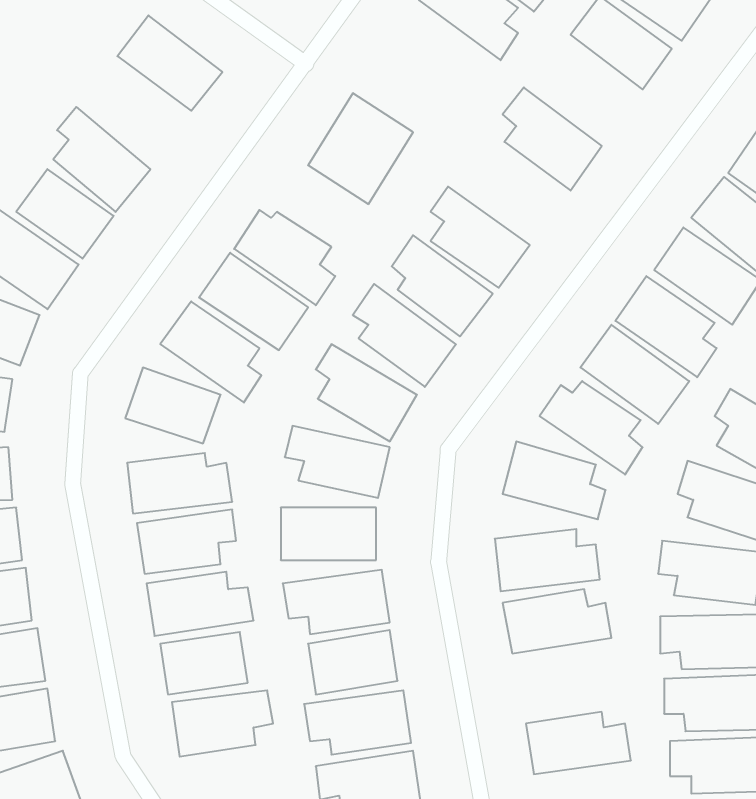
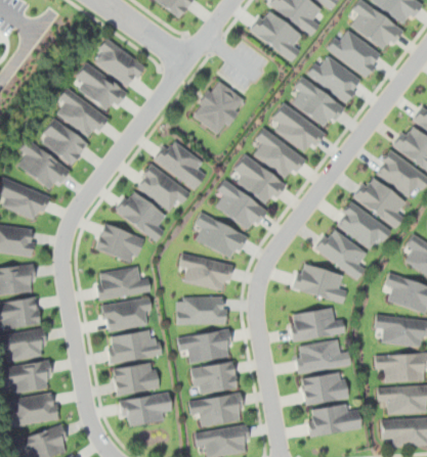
building: none -> [308,57,362,101]
building: none -> [75,62,127,109]
building: none -> [268,103,326,154]
building: none -> [300,372,347,405]

